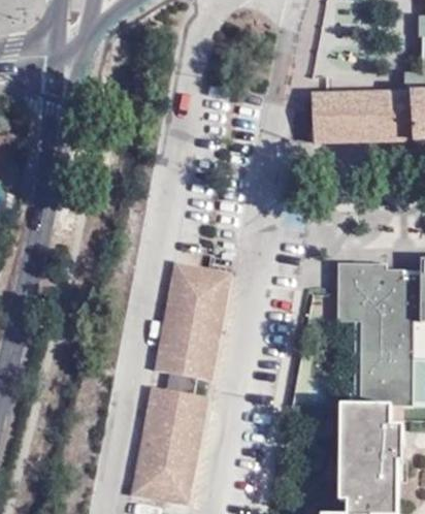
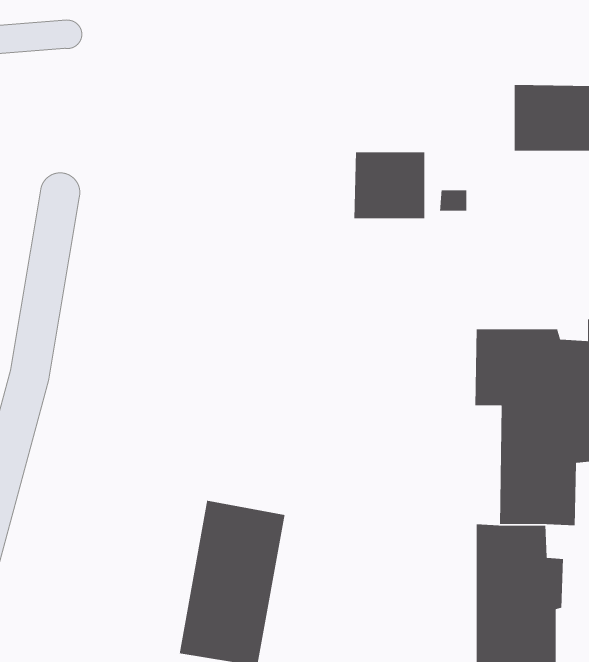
building: [317,94,367,141] -> [354,152,425,219]
building: [155,262,230,381] -> none

